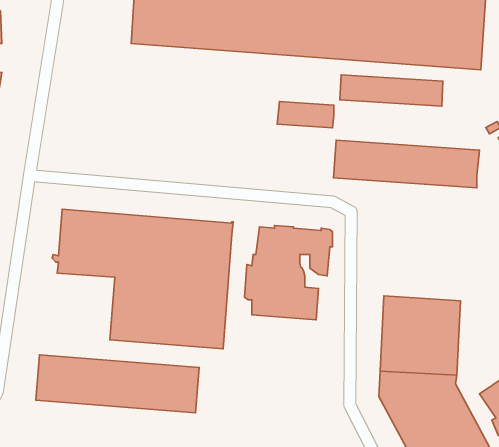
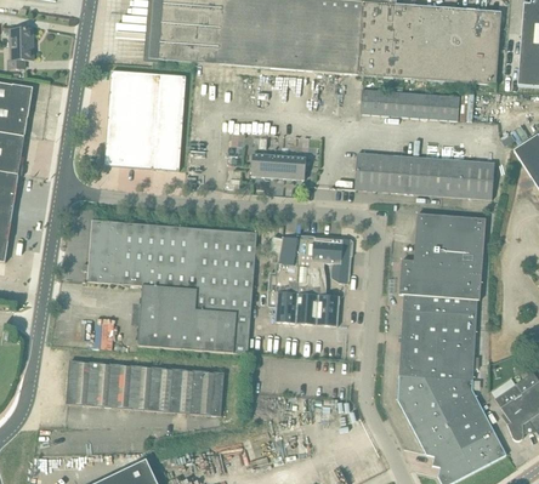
building: none -> [103,69,185,170]
building: [277,102,334,128] -> [250,153,305,178]
building: none -> [398,212,486,307]

